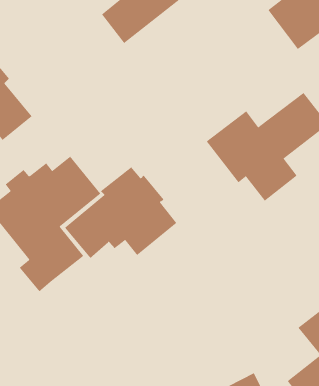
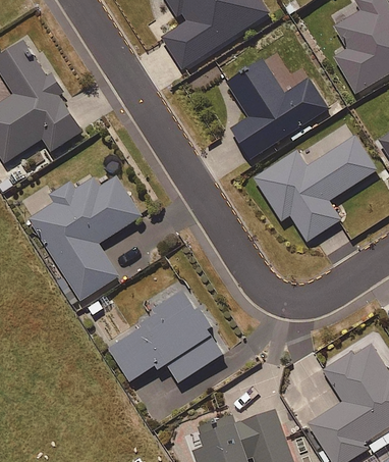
building: none -> [227,59,331,158]
building: [64,166,177,259] -> [110,292,223,381]

